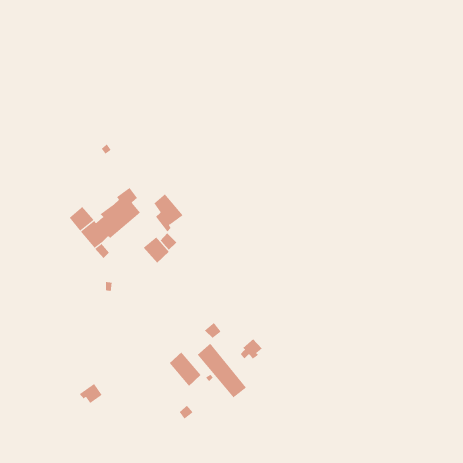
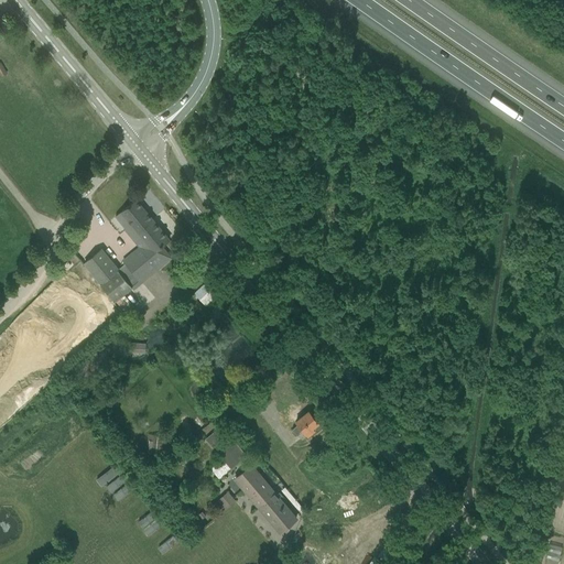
building: [153,193,183,232] -> [121,202,158,249]
building: [143,236,169,263] -> none
building: [197,343,247,398] -> [235,466,295,533]

